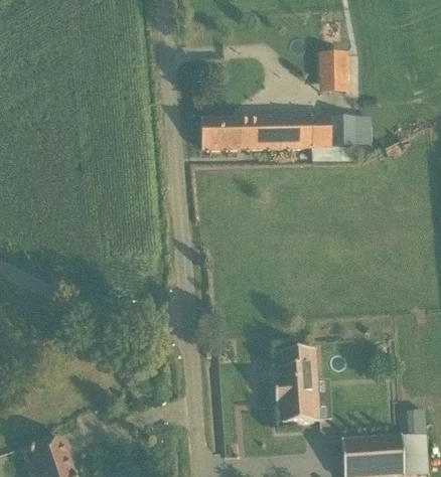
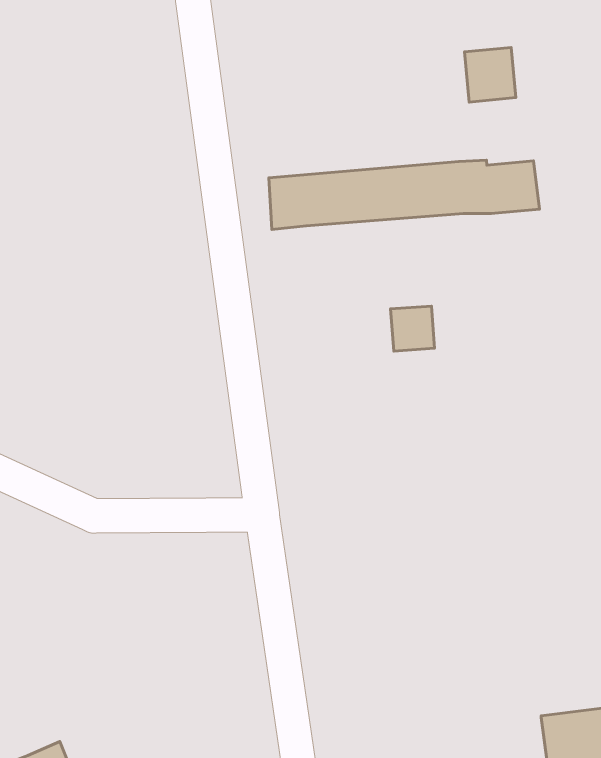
building: none -> [391,306,435,351]
building: [275,348,318,423] -> none

